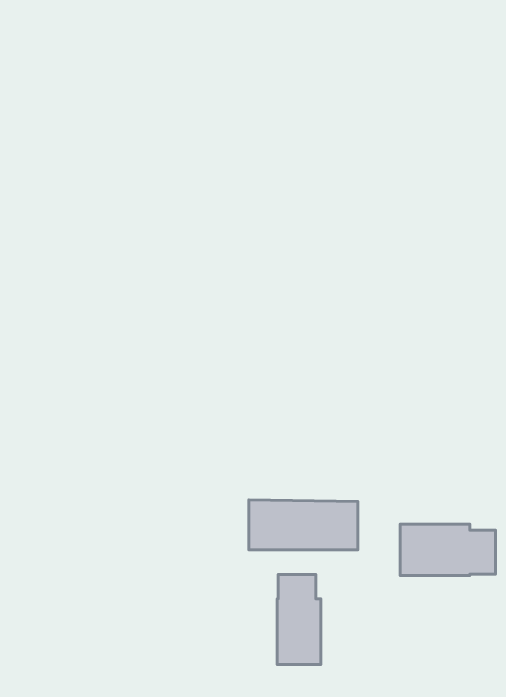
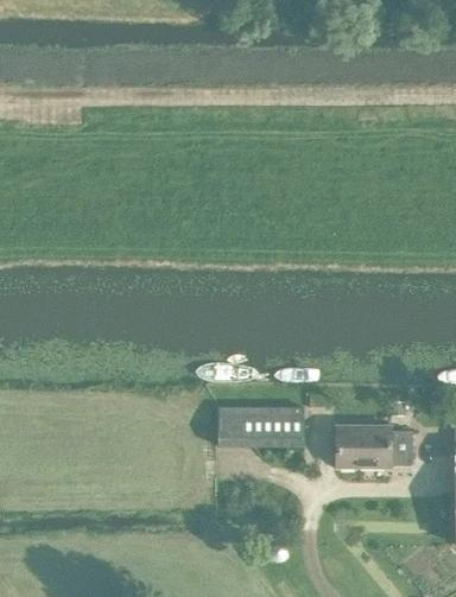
building: [277,574,321,665] -> none

